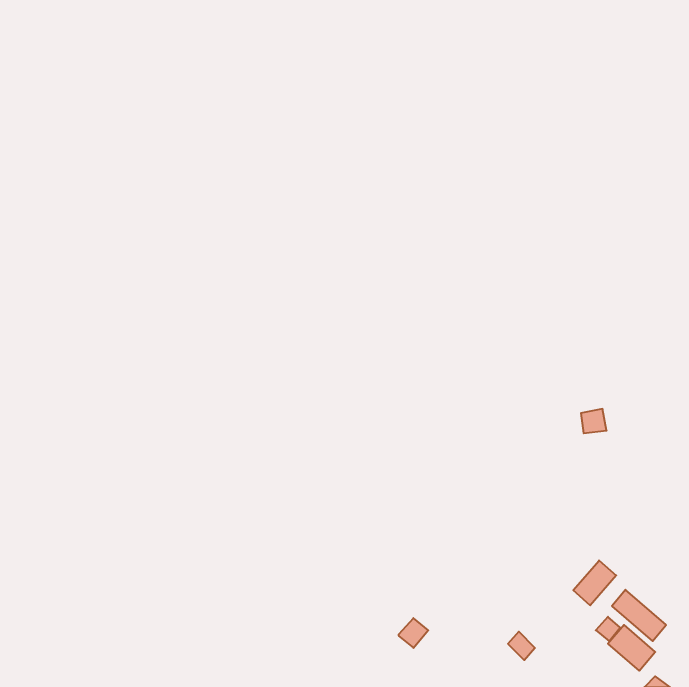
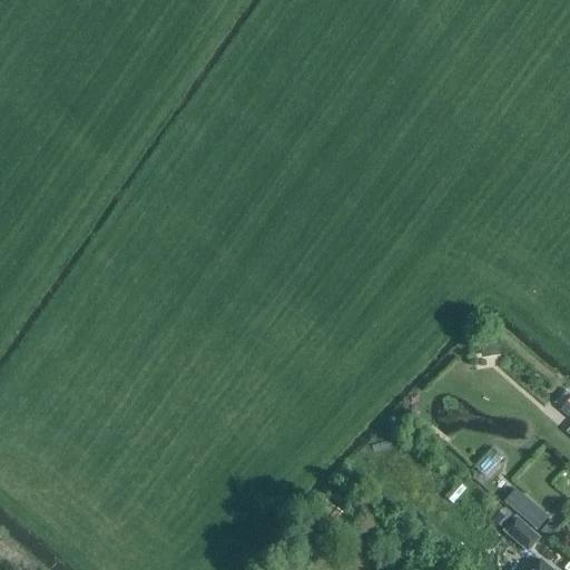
building: [573,560,616,605] -> none

